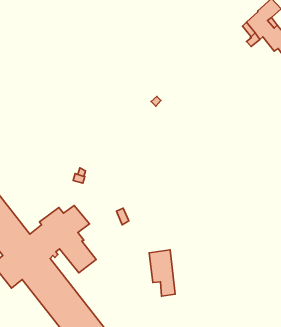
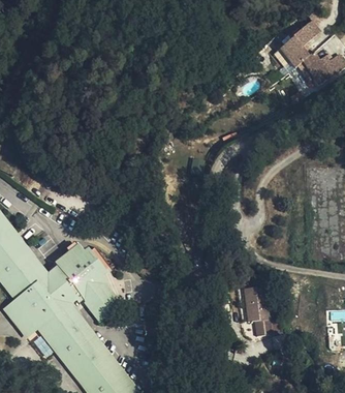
building: [149,250,175,296] -> [242,286,270,336]

